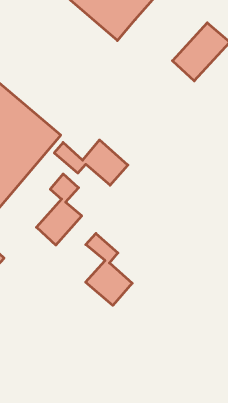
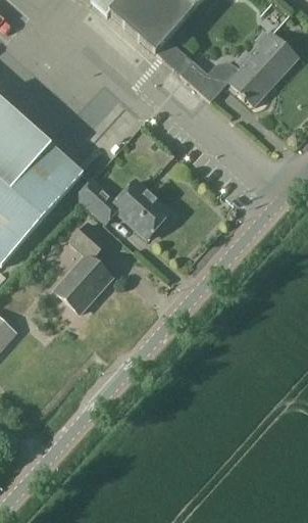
building: none -> [157,39,222,98]
building: [86,233,132,305] -> none

